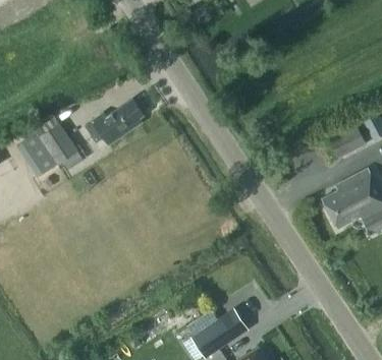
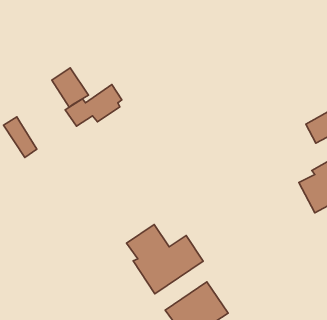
building: [39,125,75,165] -> [52,68,88,107]
building: none -> [127,224,203,294]

